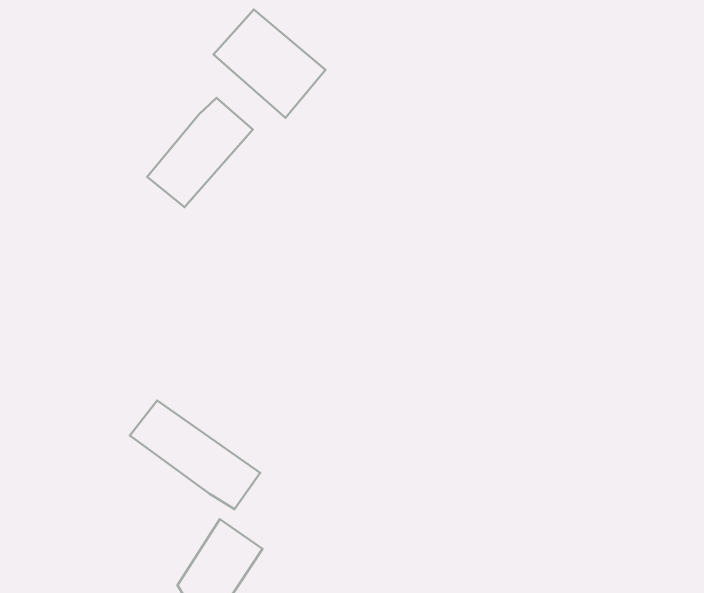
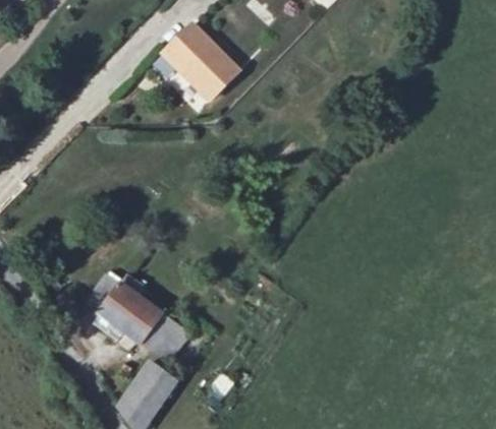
building: [147,98,253,207] -> none

